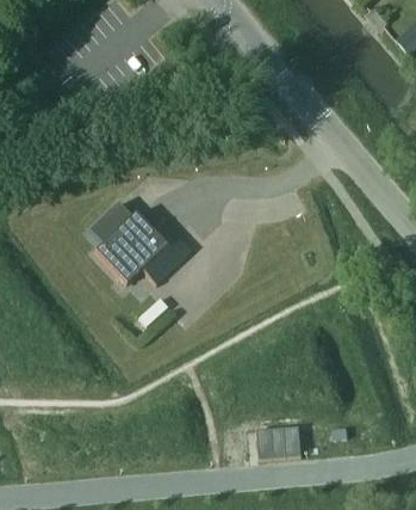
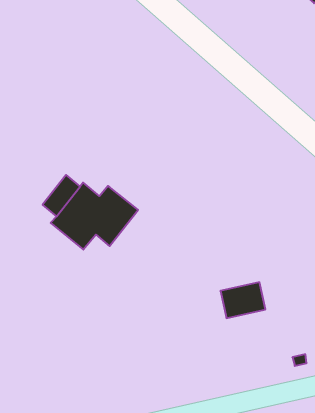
building: [255,425,300,459] -> [220,282,265,318]

